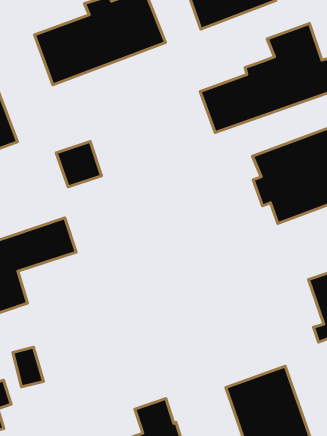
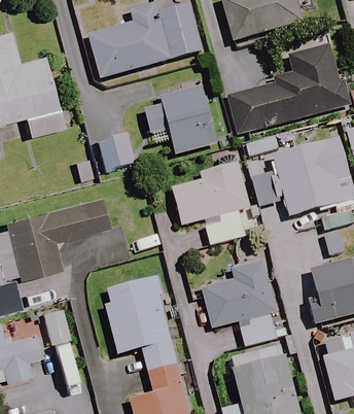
building: none -> [146,87,216,153]
building: none -> [172,152,251,245]
building: none -> [203,261,277,347]
building: none -> [106,274,176,370]

